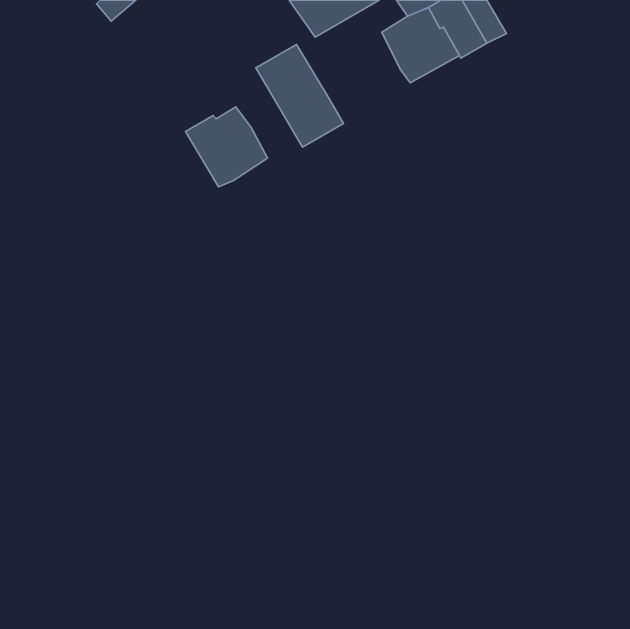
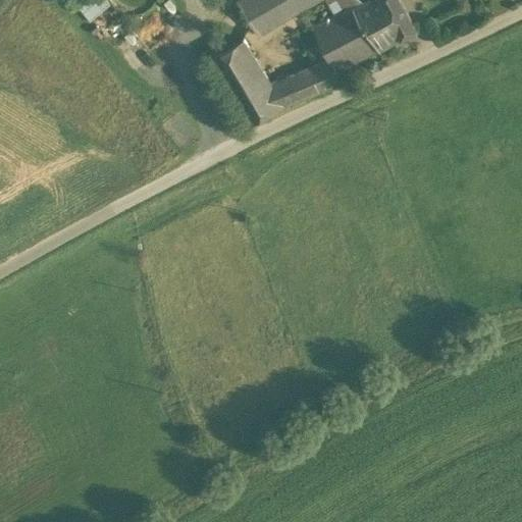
building: none -> [272,59,345,104]
building: [186,107,267,187] -> none

